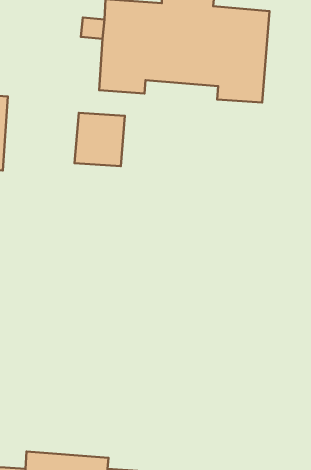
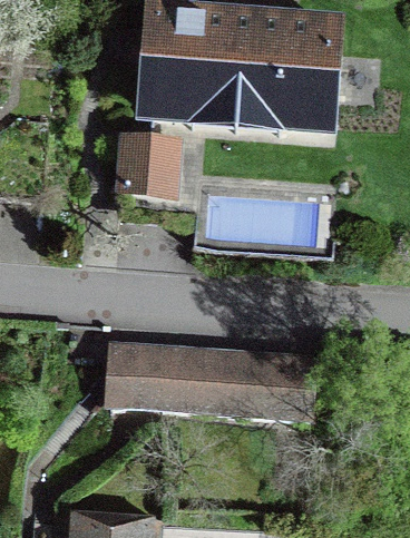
building: none -> [104,352,313,418]

